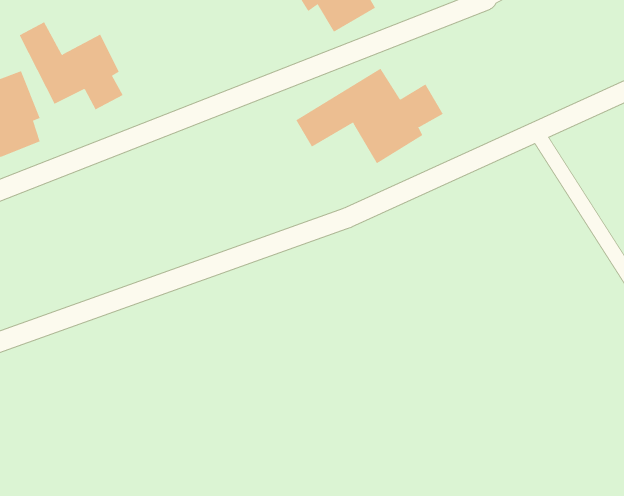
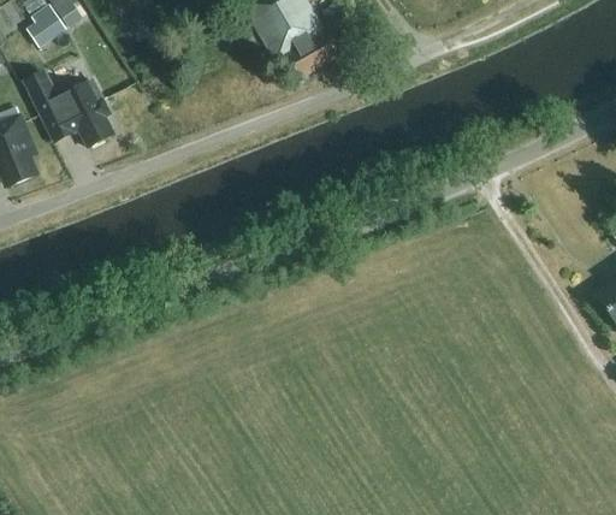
building: [296,68,444,164] -> none

